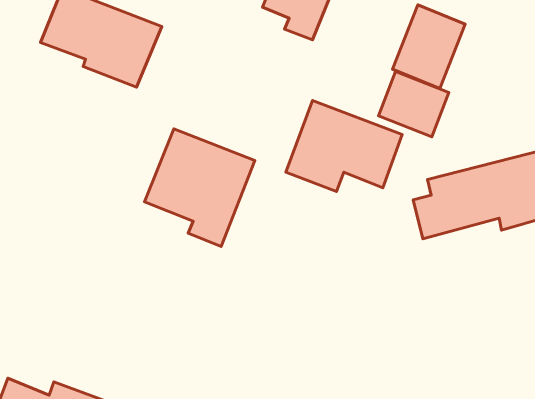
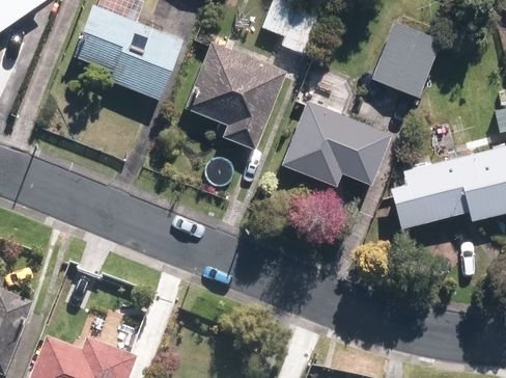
building: [378,71,449,137] -> none
building: [145,129,255,247] -> [188,45,282,145]

